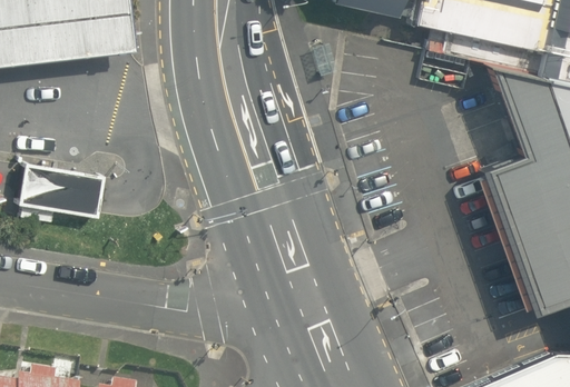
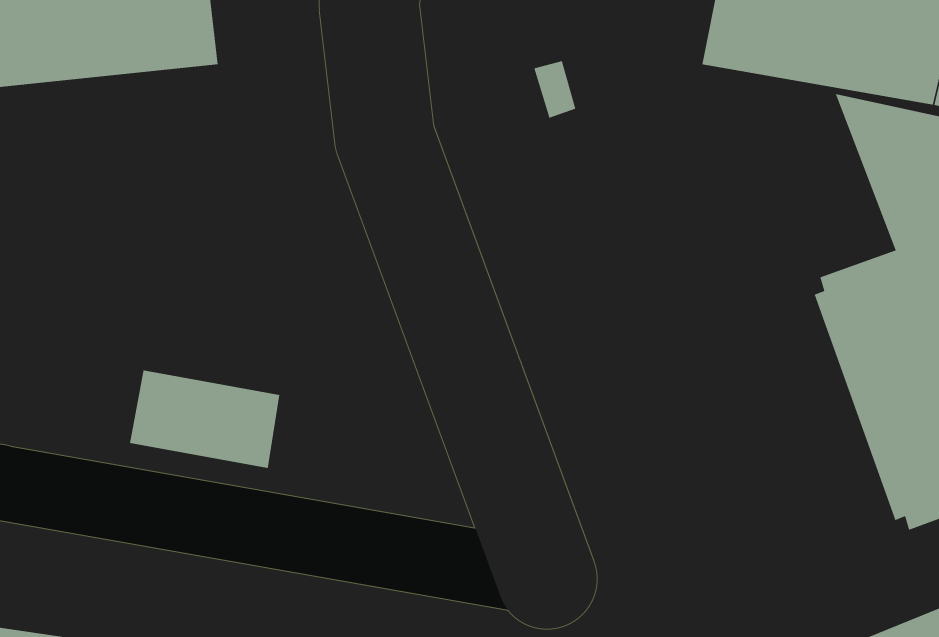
building: [18,159,105,216] -> [129,370,280,468]

